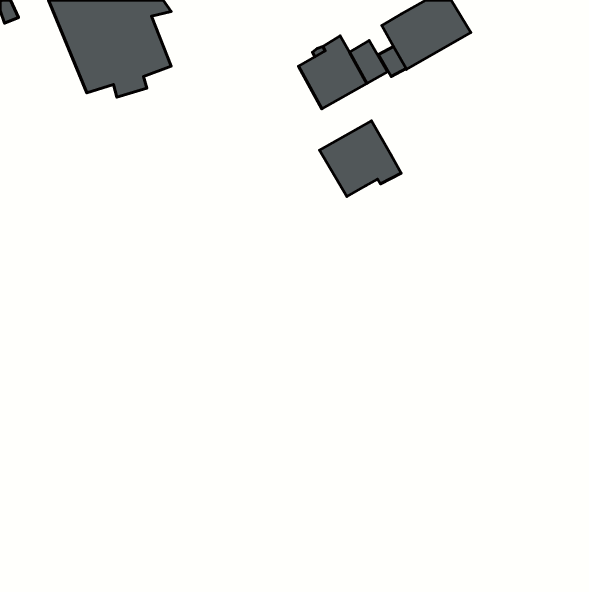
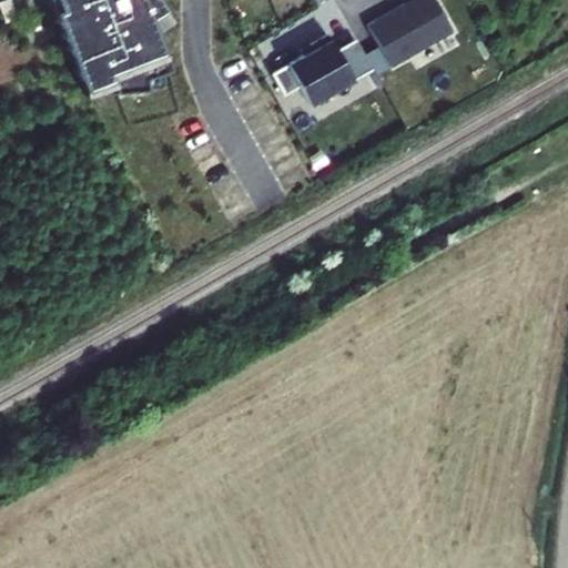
building: [320,121,401,196] -> none

